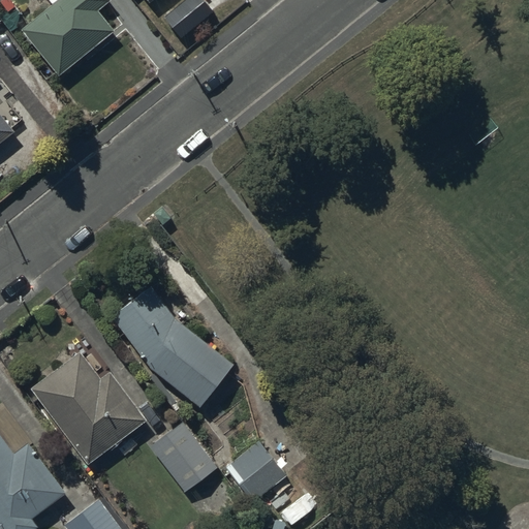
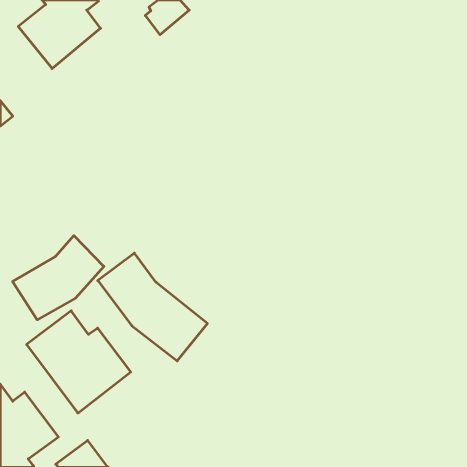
building: none -> [13,236,104,320]
building: [150,422,218,494] -> none
building: [224,441,286,503] -> none

